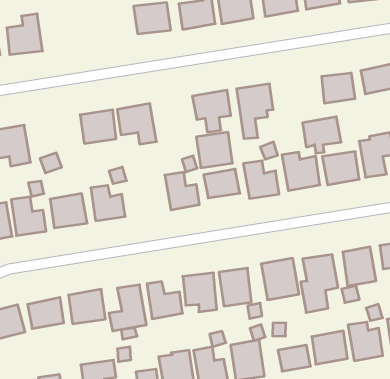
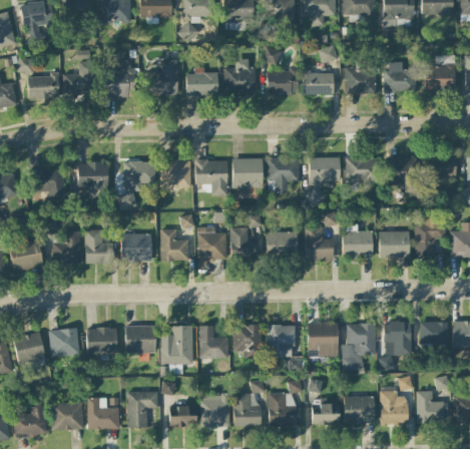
building: none -> [157,60,177,96]
building: none -> [185,70,217,95]
building: none -> [122,160,155,185]
building: [303,117,341,153] -> [345,157,378,188]
building: [196,132,233,168] -> [231,158,262,187]
building: none -> [196,227,225,261]

